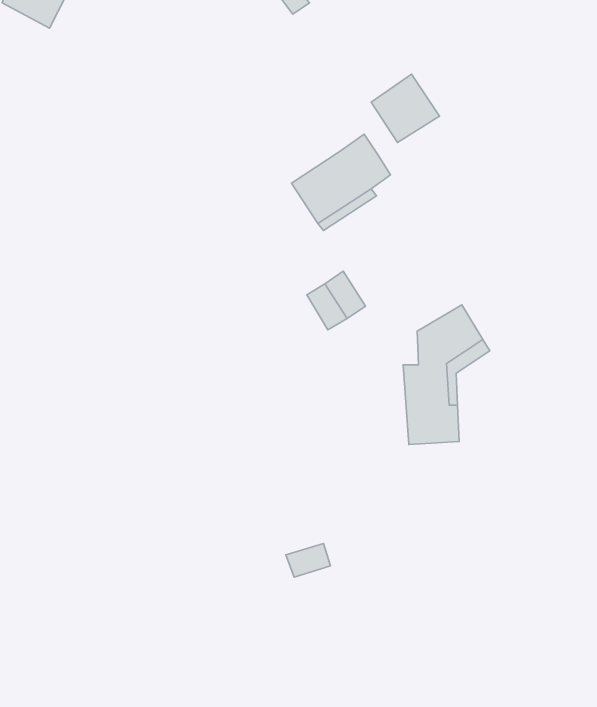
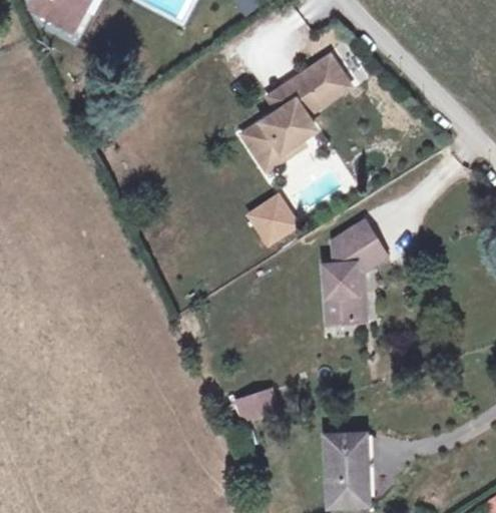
building: none -> [269,77,319,115]
building: none -> [325,435,371,505]

